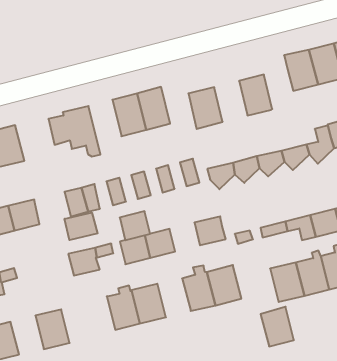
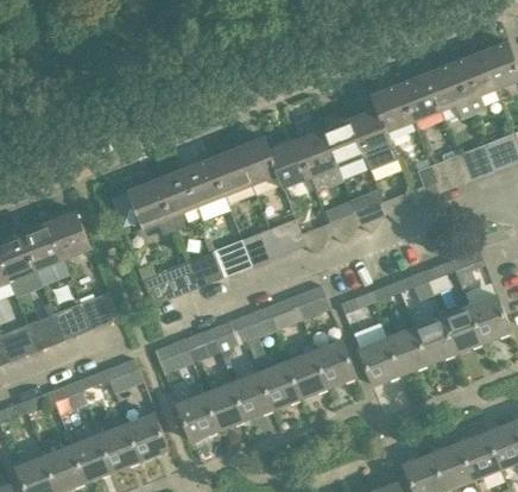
building: none -> [350,108,396,171]
building: none -> [296,128,337,177]
building: none -> [235,137,277,187]
building: none -> [156,168,197,232]
building: [120,211,150,240] -> [265,296,302,332]
building: [65,213,98,240] -> none
building: none -> [103,359,141,393]
building: none -> [259,361,301,408]
building: none -> [175,384,217,441]
building: [261,307,294,346] -> [358,338,399,385]
building: none -> [97,424,139,471]

